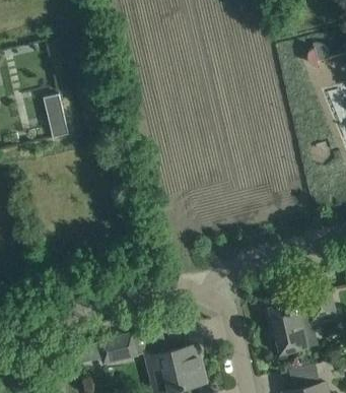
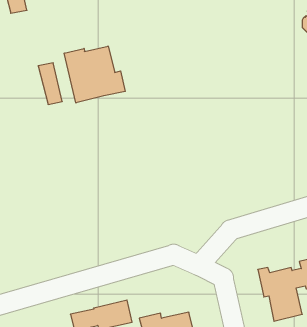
building: none -> [64,46,125,103]

